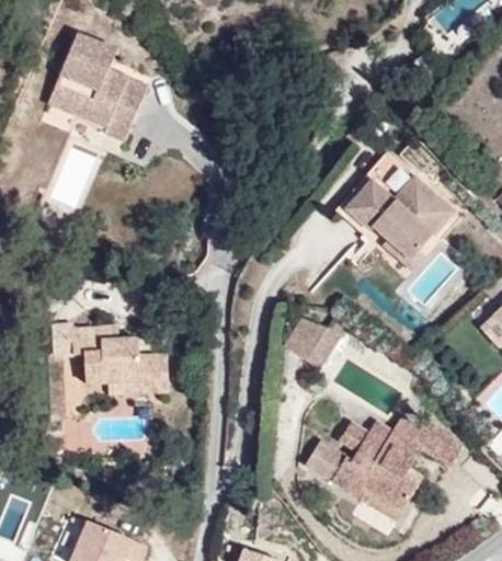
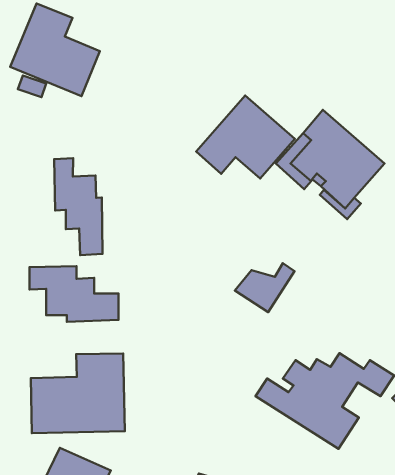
building: none -> [196,95,295,179]
building: none -> [54,158,102,255]
building: none -> [31,354,125,433]

